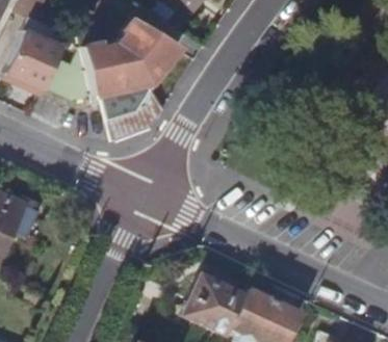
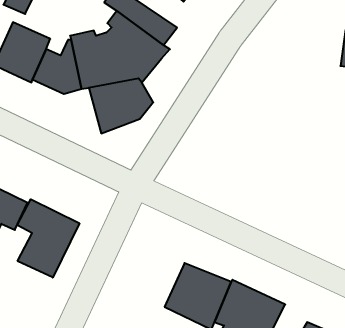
building: none -> [17,199,79,278]

